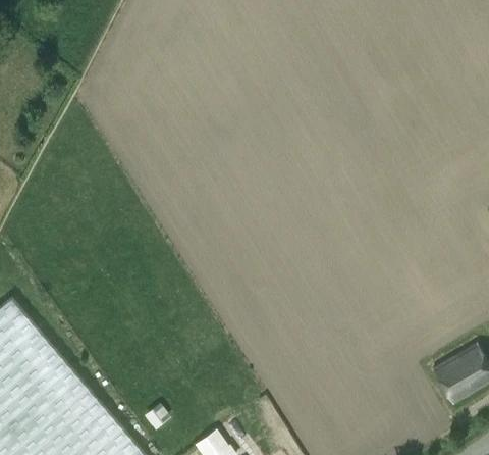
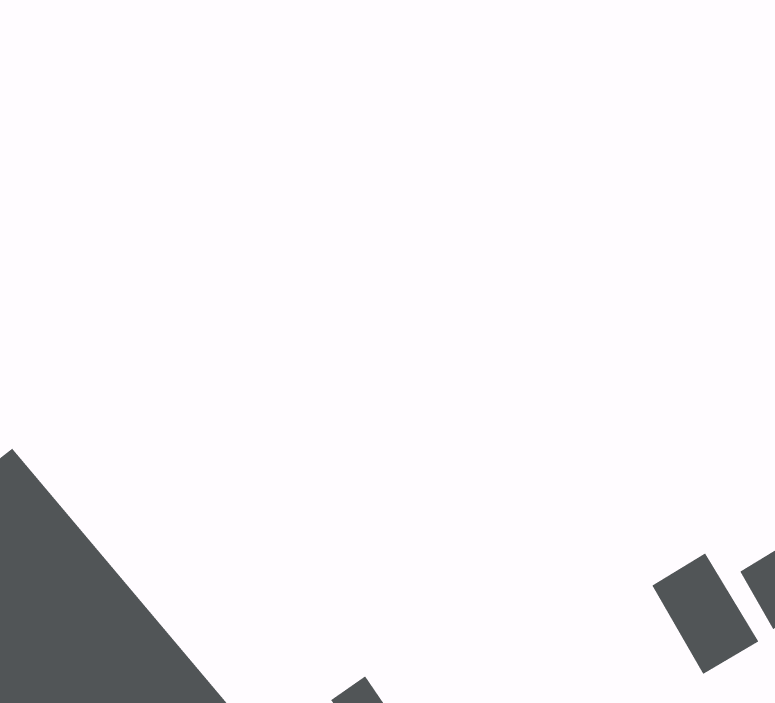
building: none -> [652,553,759,675]

